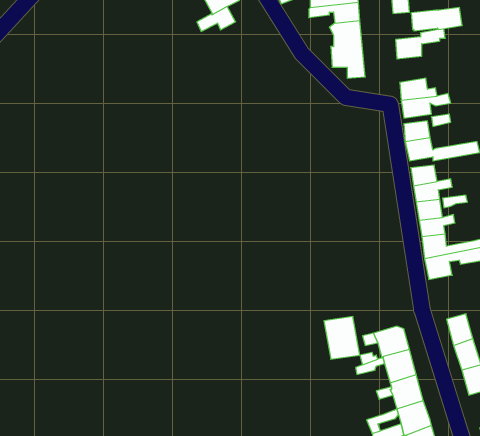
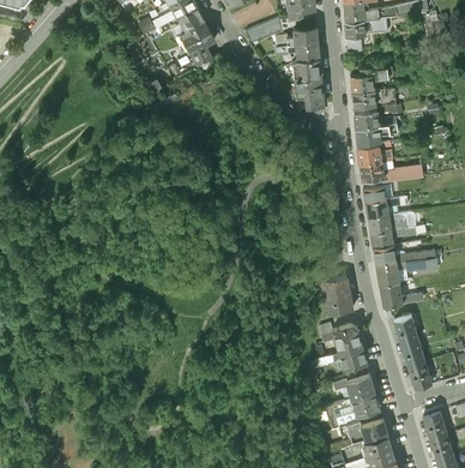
building: [411,7,462,31] -> [351,89,395,109]
building: none -> [379,282,412,308]
building: [324,317,360,359] -> [321,278,352,316]

